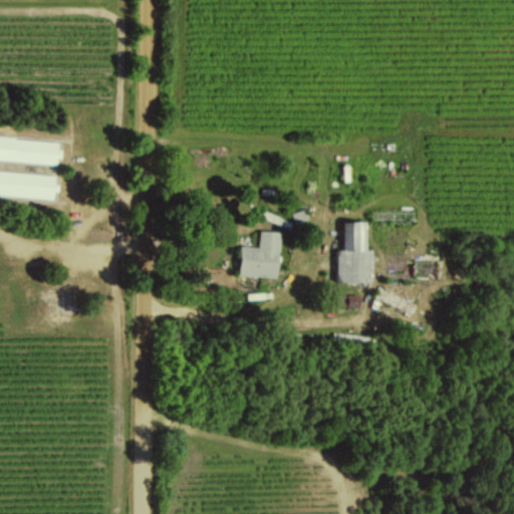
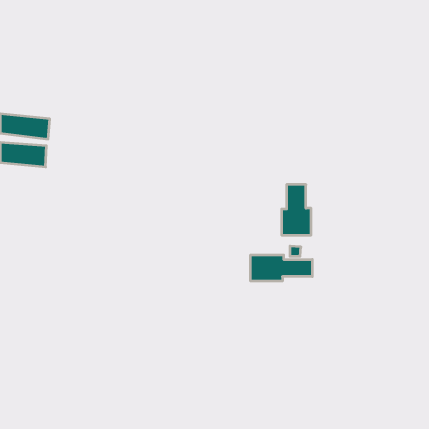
building: [240,232,280,278] -> none
building: none -> [251,255,312,281]

